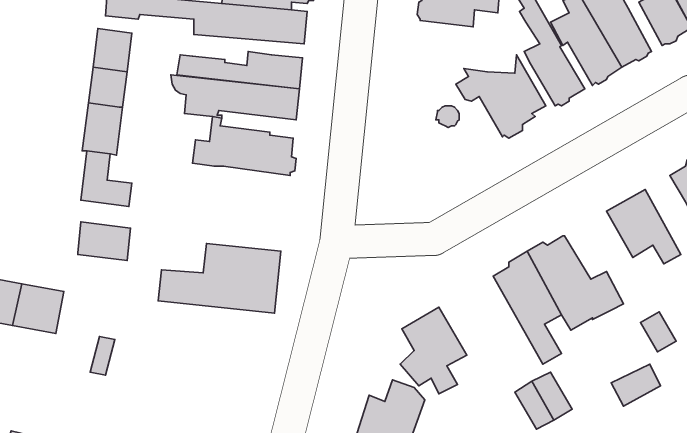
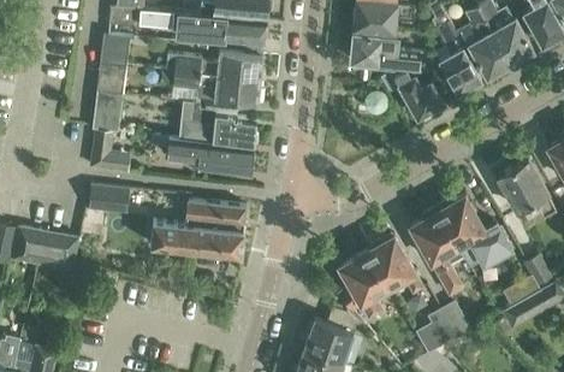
building: none -> [350,34,428,69]
building: none -> [152,136,253,176]
building: none -> [368,236,422,293]

